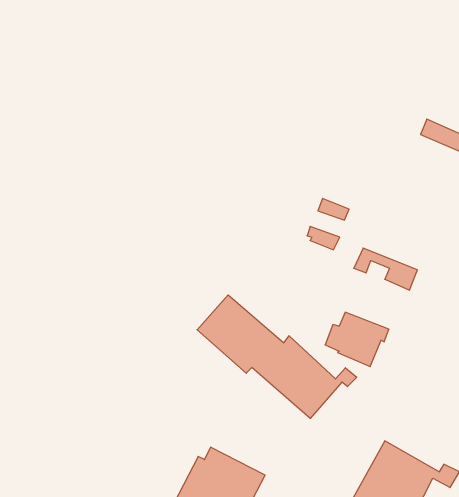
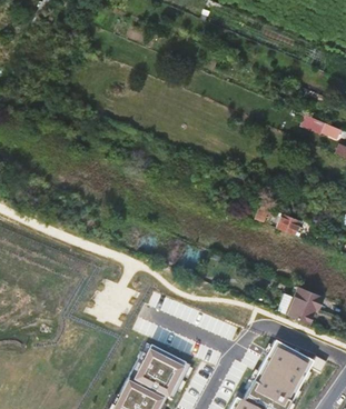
building: [197,295,357,418] -> none
building: [325,312,389,367] -> [277,286,323,325]

